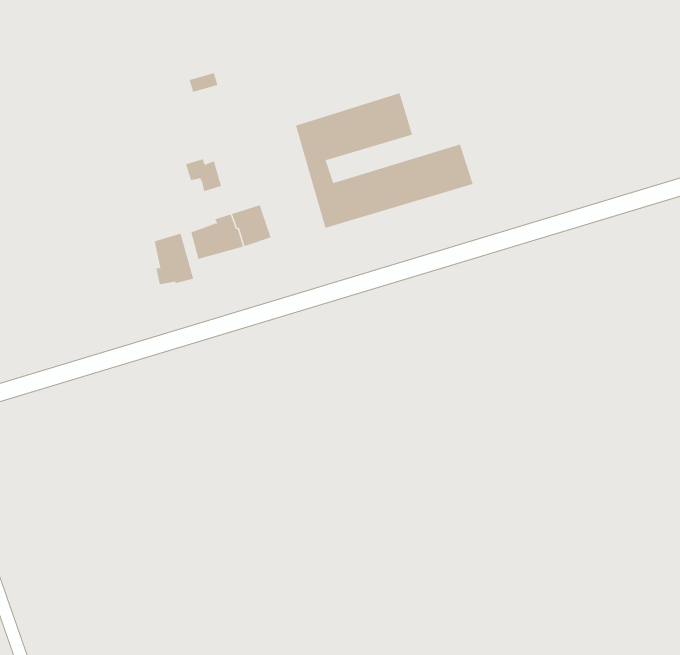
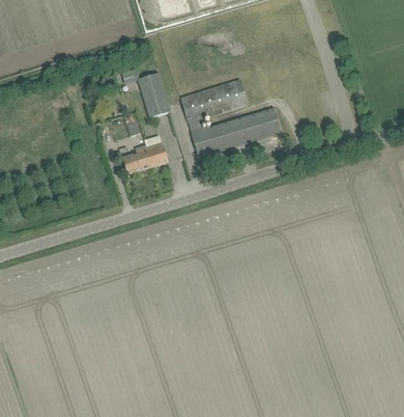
building: none -> [139,72,170,116]
building: [154,233,194,285] -> none

